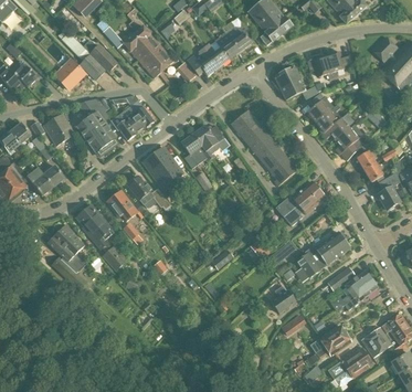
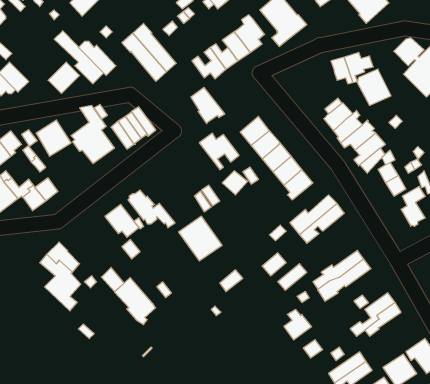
building: [275,66,306,99] -> [357,69,391,105]
building: [181,134,212,167] -> [191,87,225,124]
building: [144,147,183,188] -> [179,216,222,261]
building: [76,204,114,247] -> [115,278,156,325]

